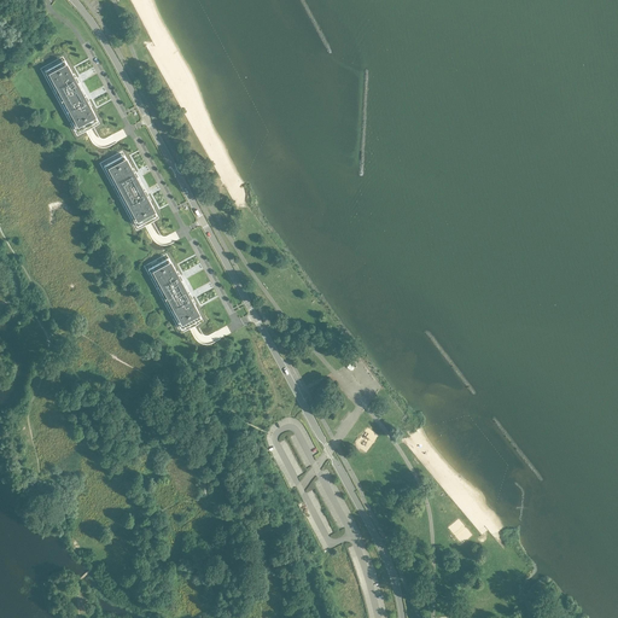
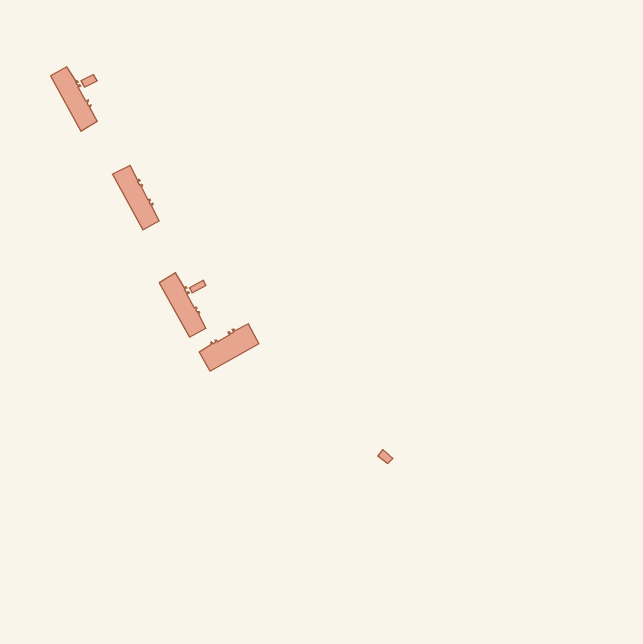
building: none -> [199,324,259,371]

